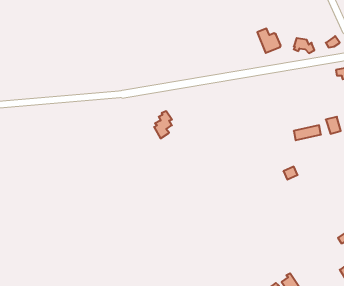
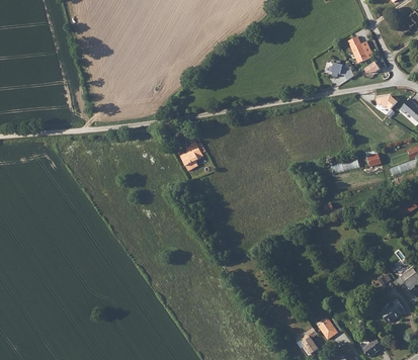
building: [257,29,281,53] -> [347,36,372,63]

